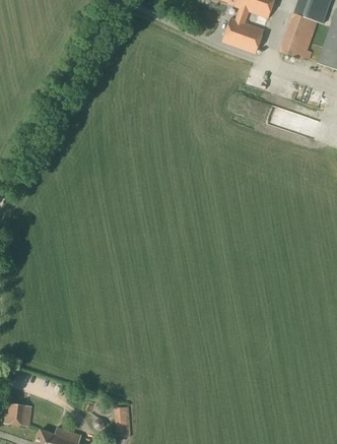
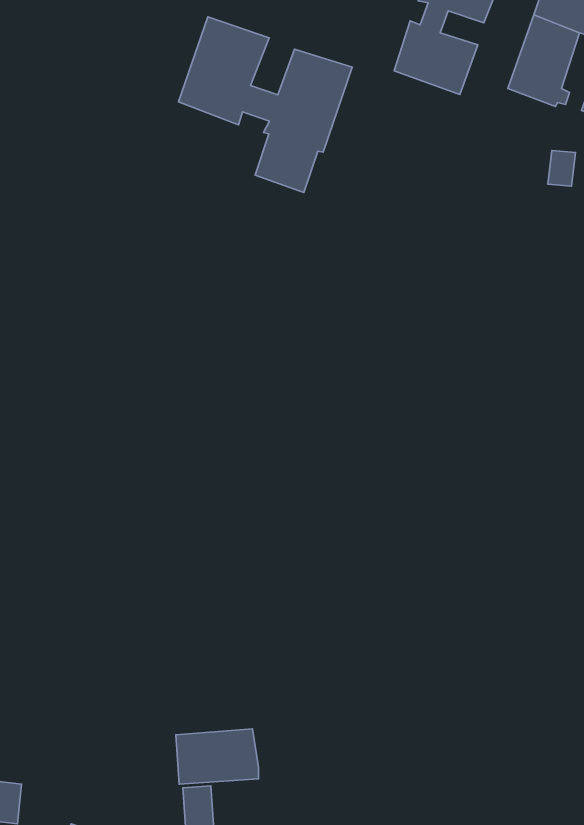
building: none -> [179,17,352,193]
building: none -> [176,729,258,784]

